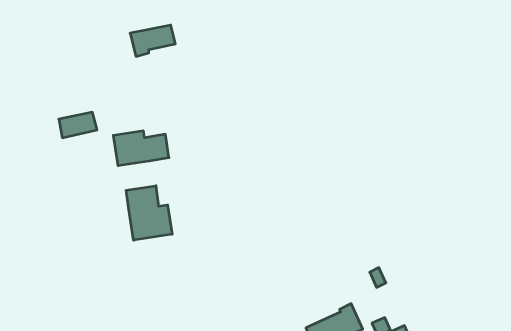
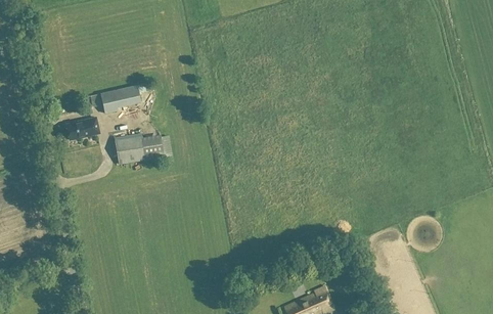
building: [130,25,175,56] -> [101,86,141,114]
building: [126,186,172,240] -> none

